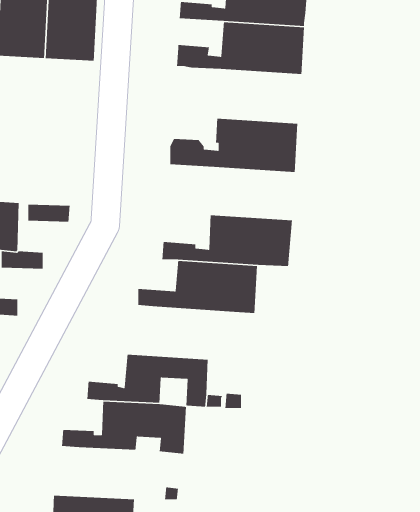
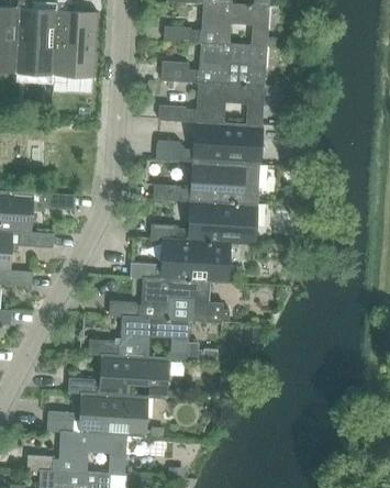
building: none -> [158,84,265,127]
building: none -> [153,164,259,207]
building: none -> [108,278,230,323]
building: none -> [47,393,147,436]

